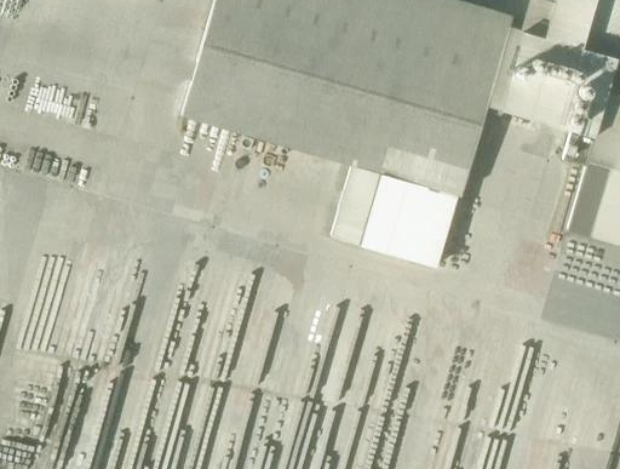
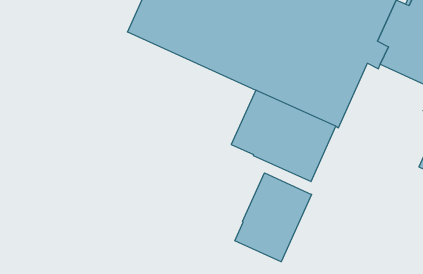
building: none -> [235,173,312,262]

